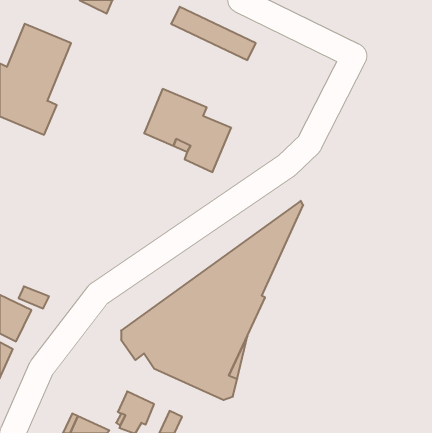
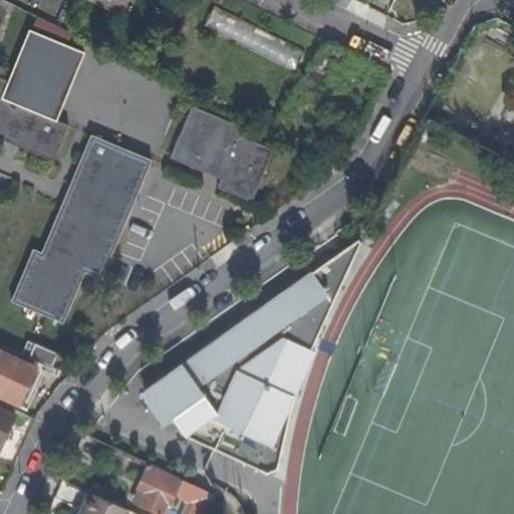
building: none -> [12,136,151,321]

